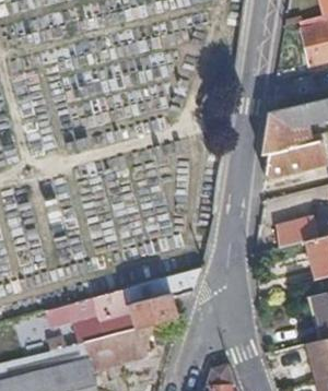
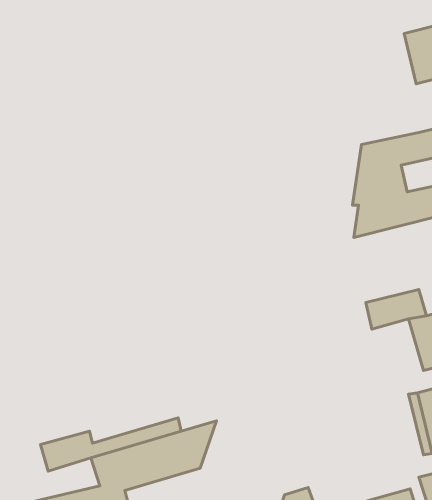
building: [70,269,200,322] -> none

